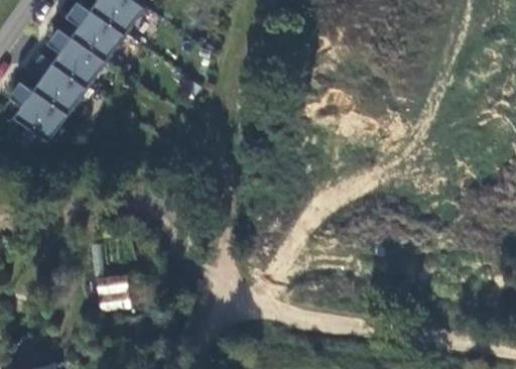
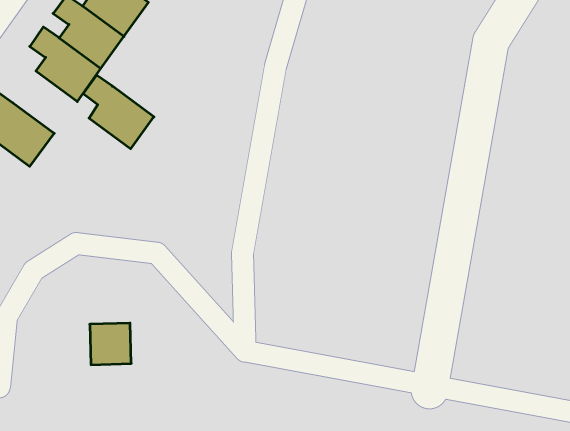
building: [27,54,86,115] -> [83,75,154,149]

